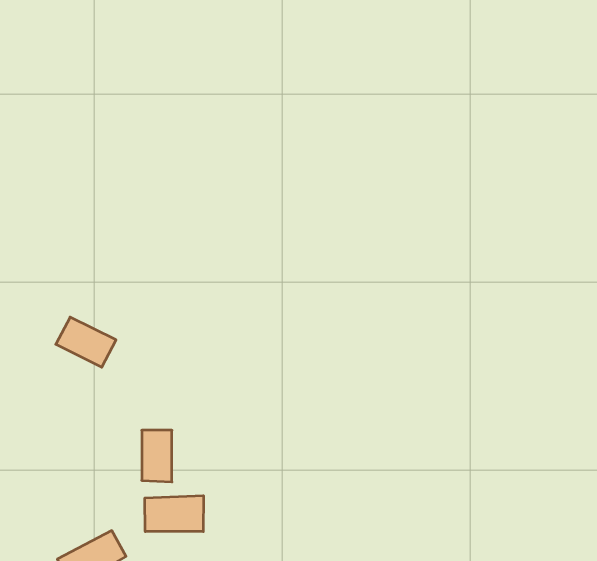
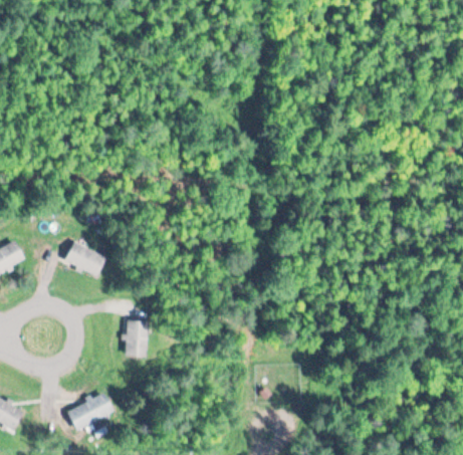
building: [145,496,203,532] -> none

